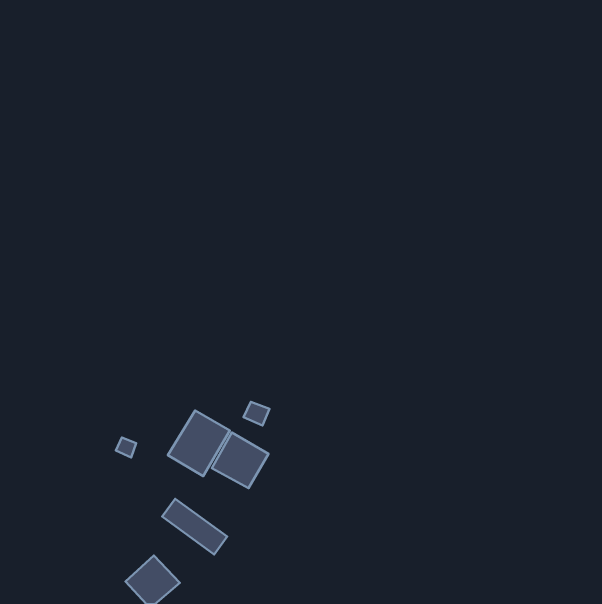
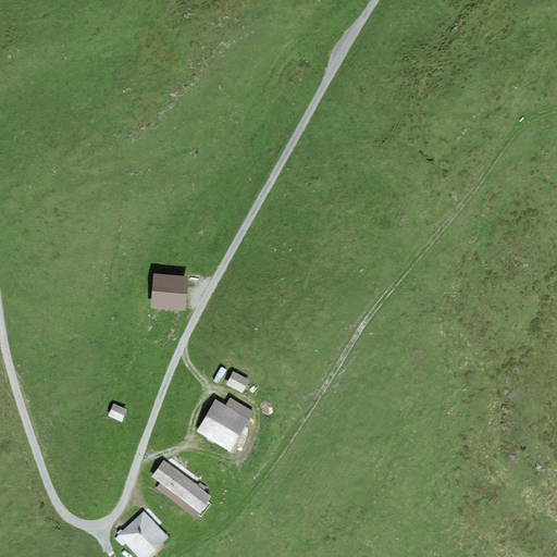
building: none -> [156,275,188,307]
building: [168,410,230,476] -> none

